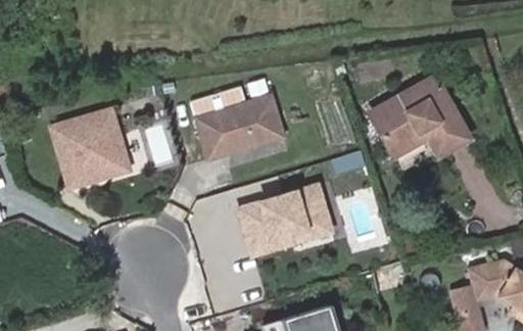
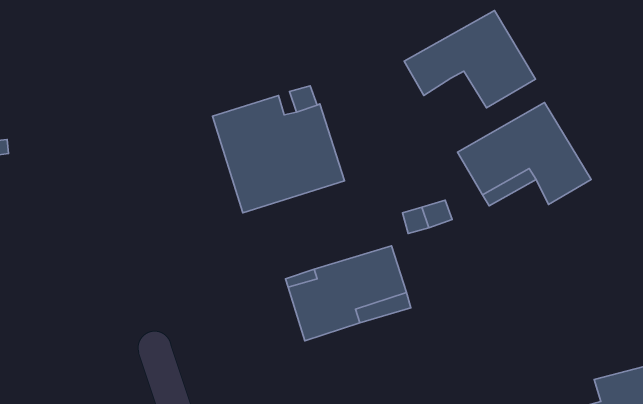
building: none -> [404,10,535,108]
building: [50,109,128,187] -> none

